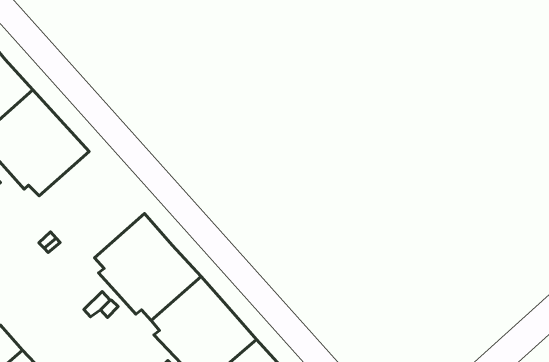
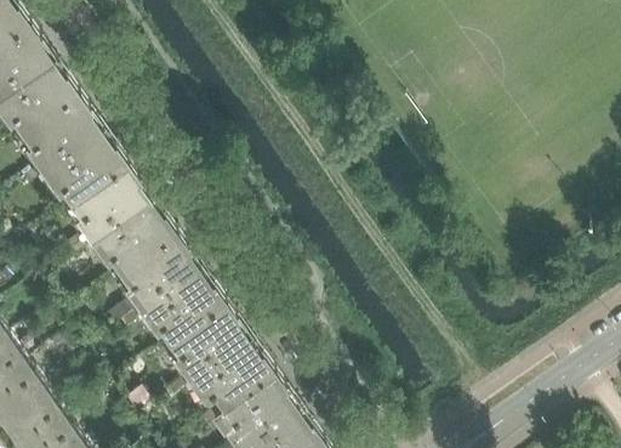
building: none -> [72,165,176,273]

